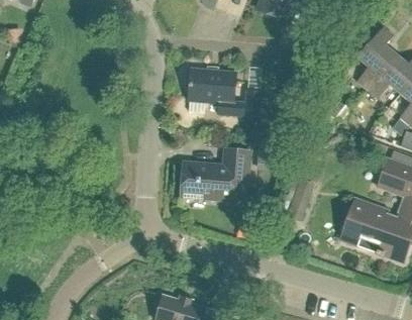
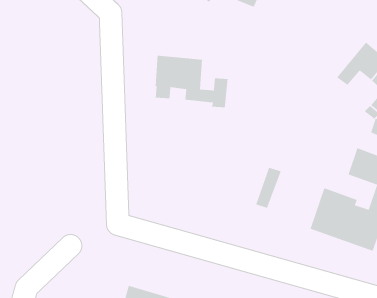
building: [356,26,396,90] -> none
building: [180,147,249,200] -> none

